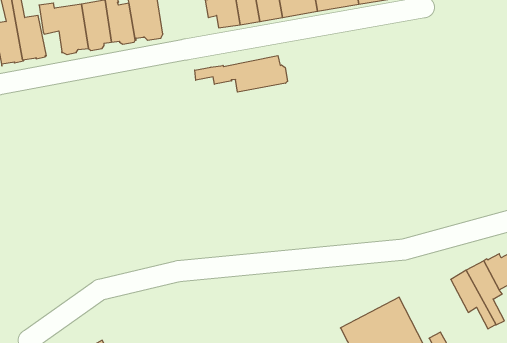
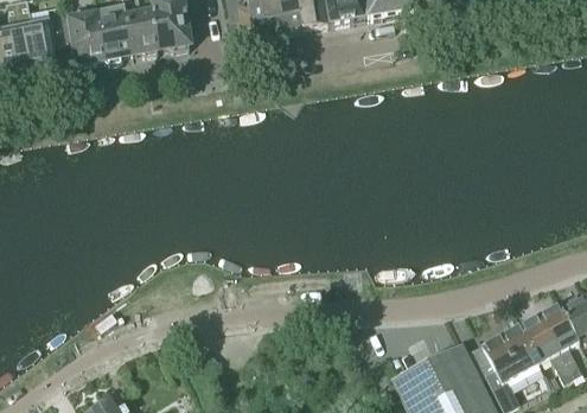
building: [195,56,288,92] -> none
building: none -> [481,324,540,380]

